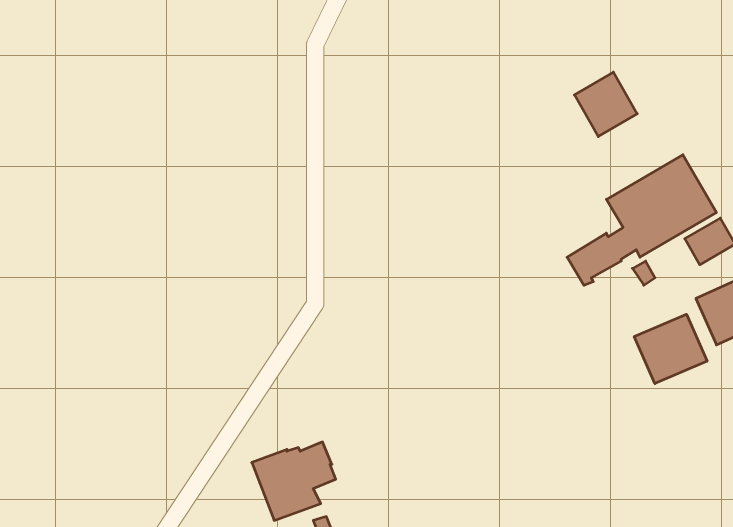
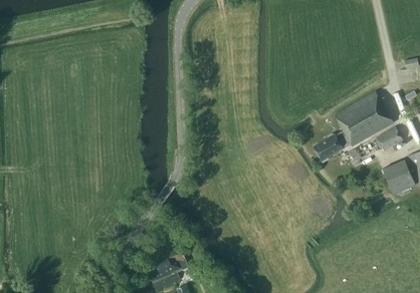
building: [574,72,637,137] -> none
building: [634,314,707,384] -> none

